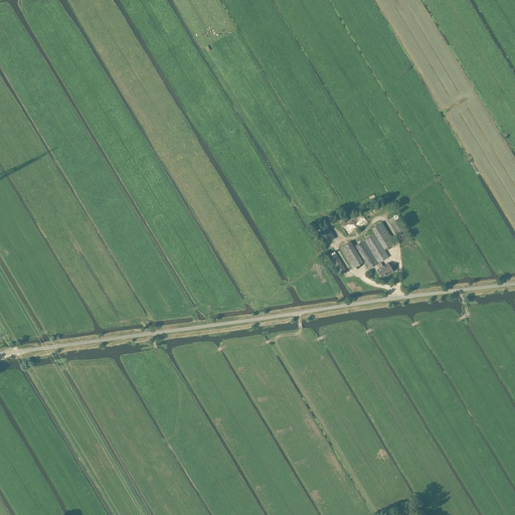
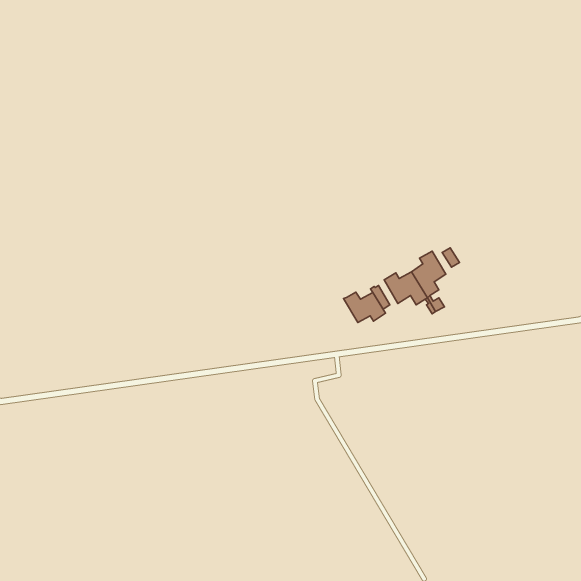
building: none -> [343,292,385,322]

